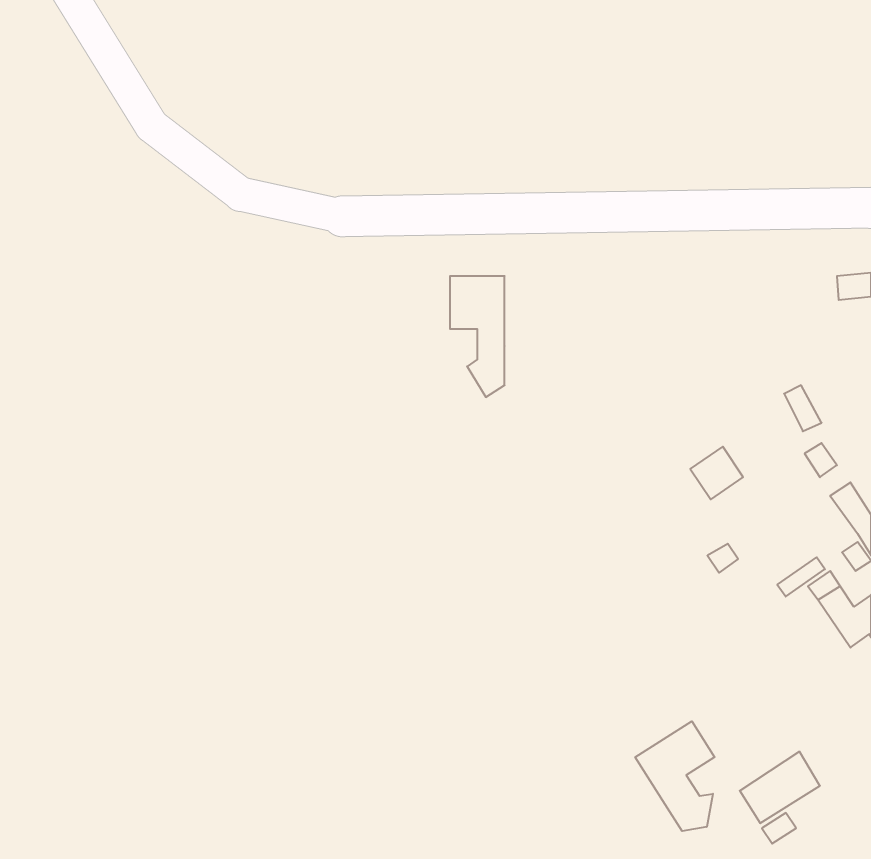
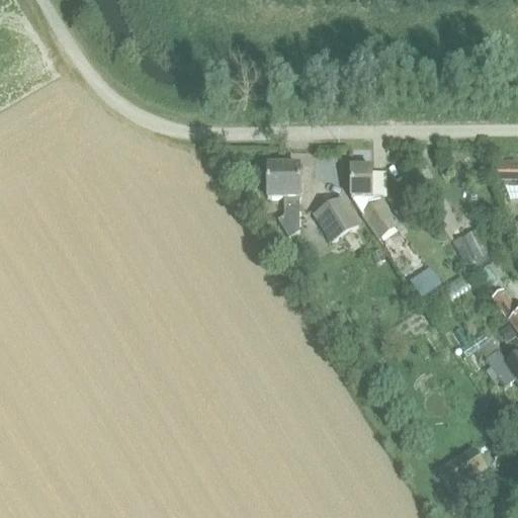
building: none -> [351,164,397,234]
building: none -> [315,195,357,240]
building: [635,721,715,831] -> none

